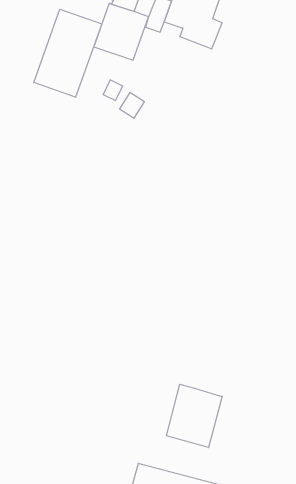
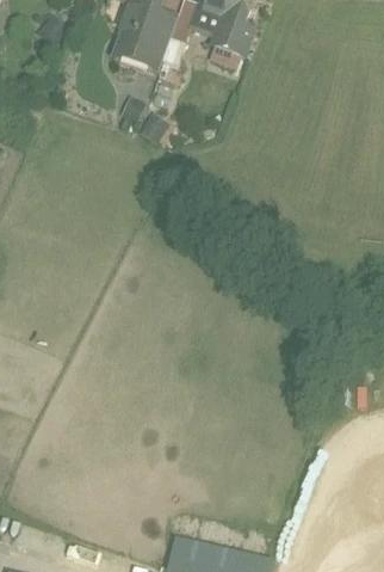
building: [34,9,102,97] -> none
building: [166,384,222,448] -> none

